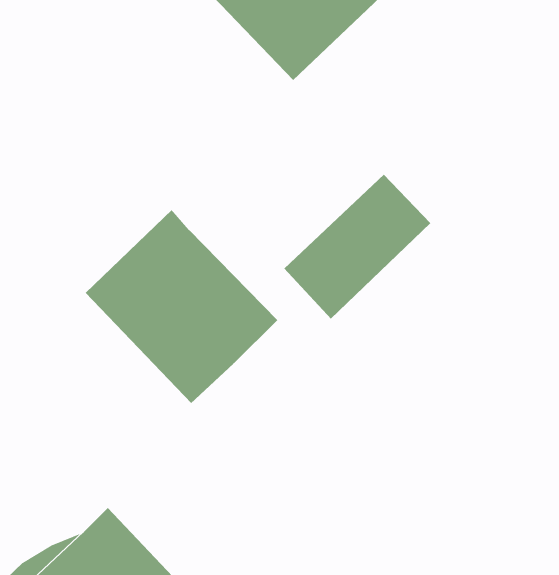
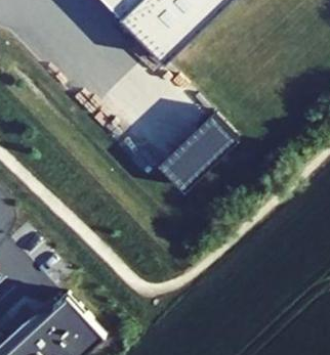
building: [85,209,278,404] -> none

